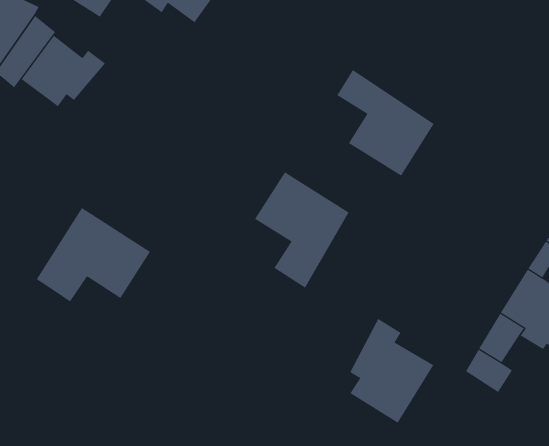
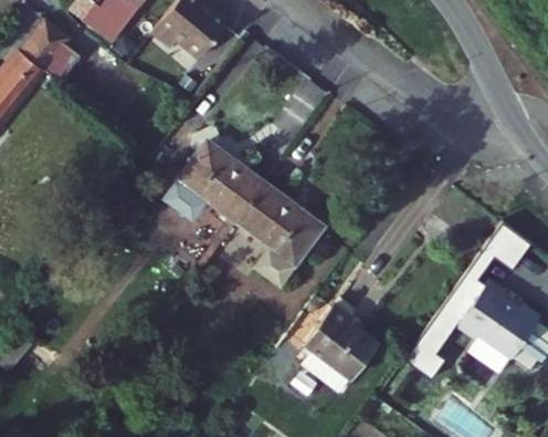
building: [21,35,106,107] -> none
building: [337,69,435,177] -> none
building: [36,207,151,302] -> [168,141,265,219]

